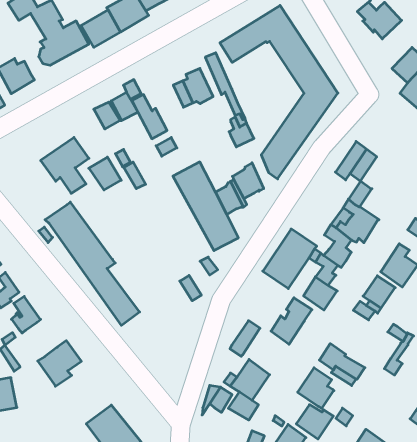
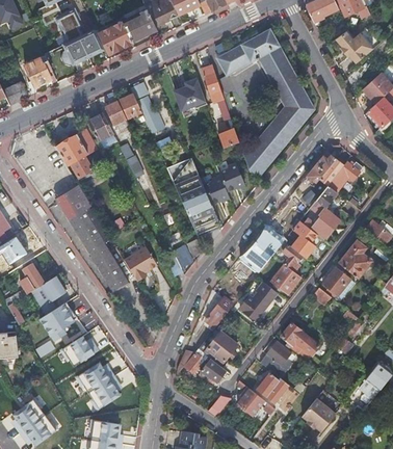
building: none -> [328,162,363,192]
building: [89,157,121,190] -> [86,111,113,139]
building: none -> [125,247,158,281]
building: none -> [31,275,66,315]
building: none -> [62,331,100,366]

